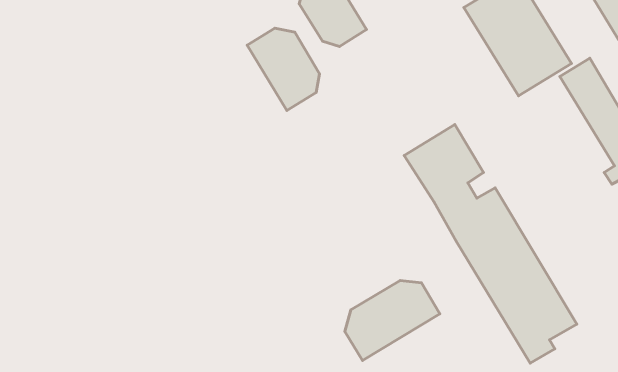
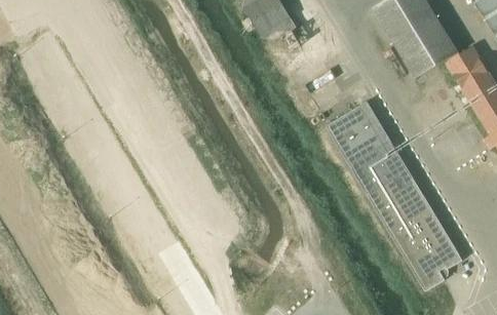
building: [247,28,320,110] -> none
building: [345,281,440,360] -> none

